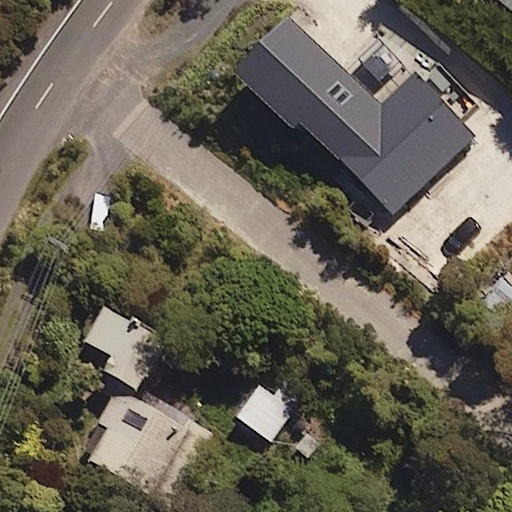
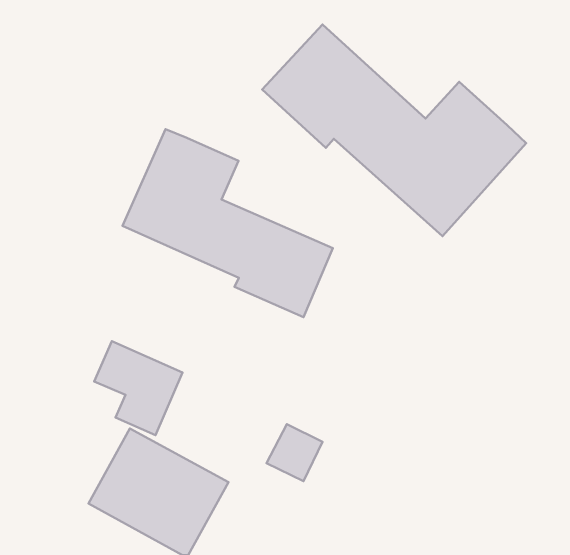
building: none -> [123,129,333,317]

